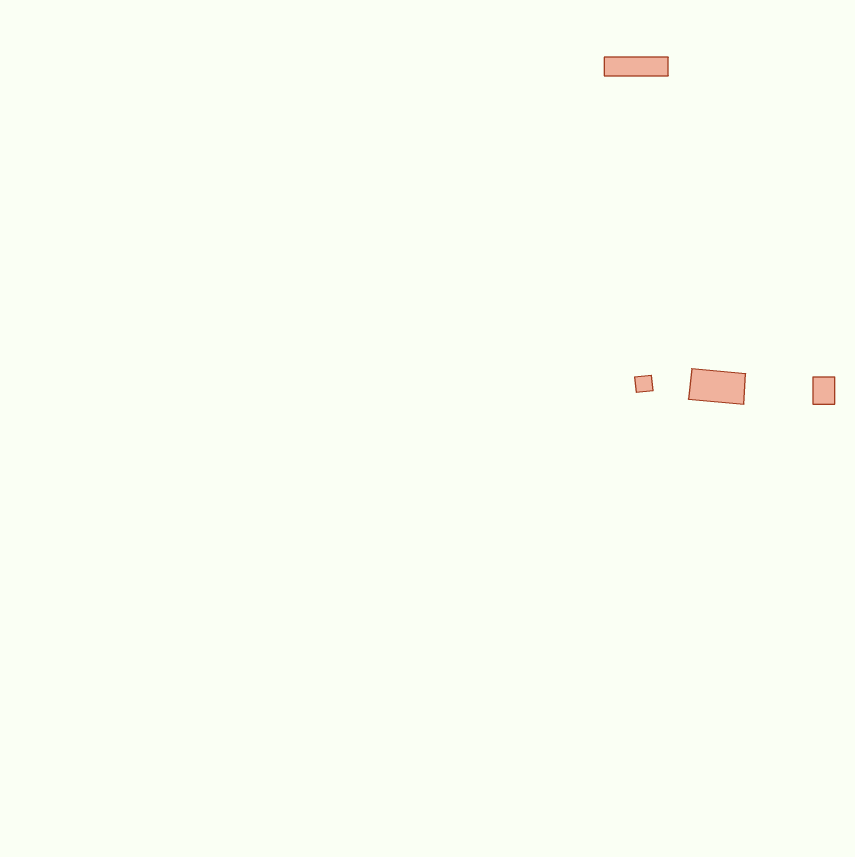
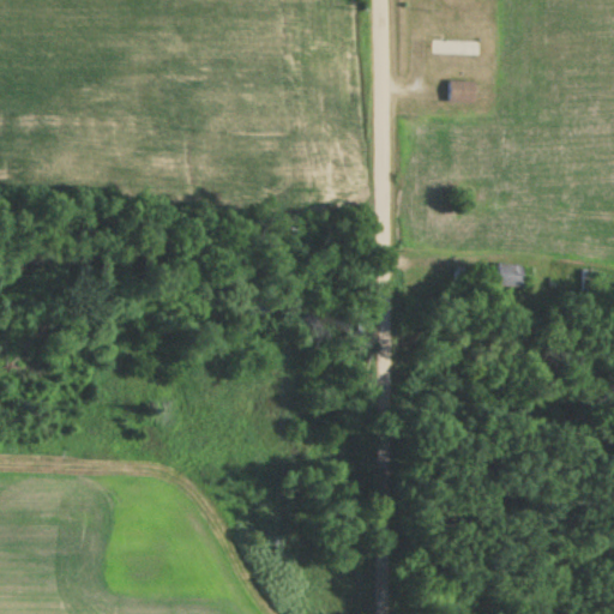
building: none -> [450,82,475,102]

